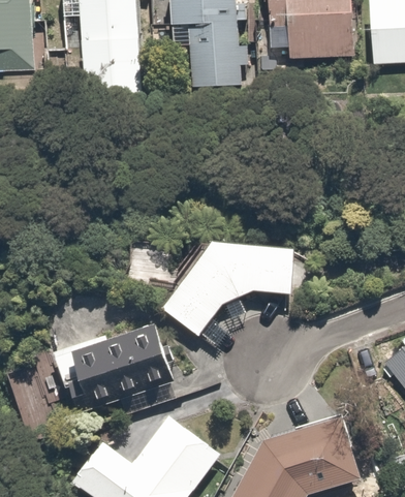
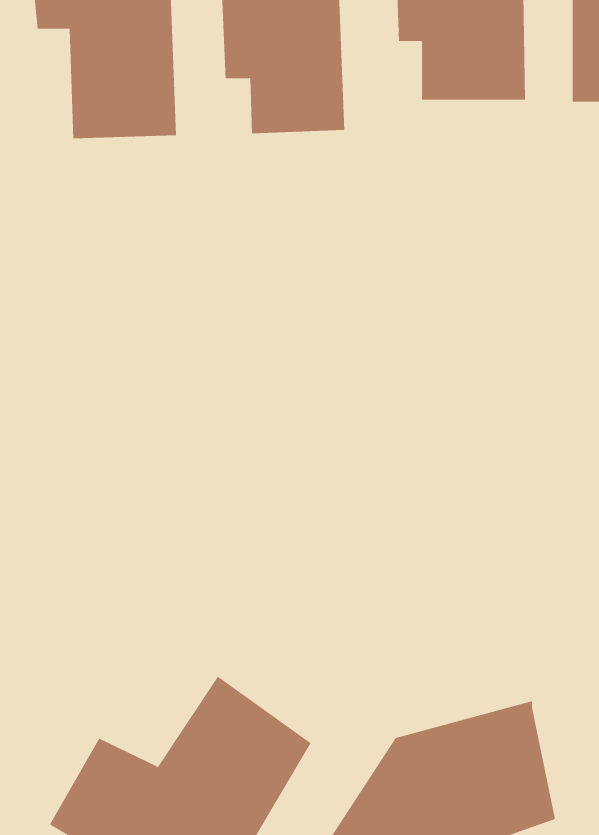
building: [161,241,297,338] -> none
building: [53,324,174,408] -> none

